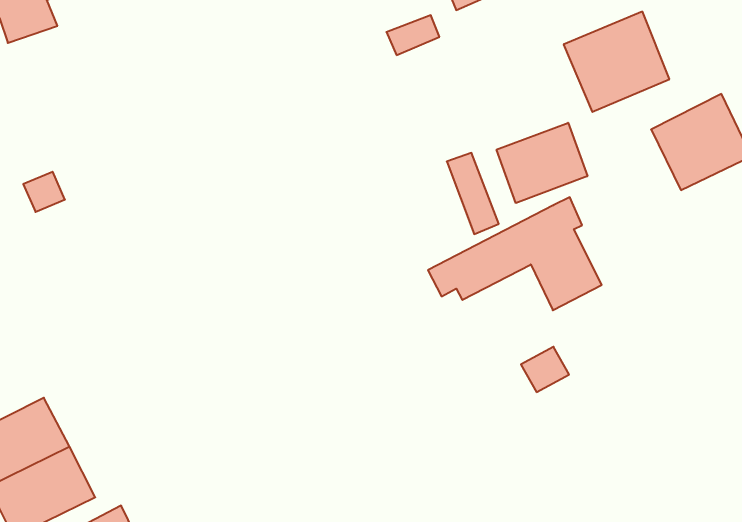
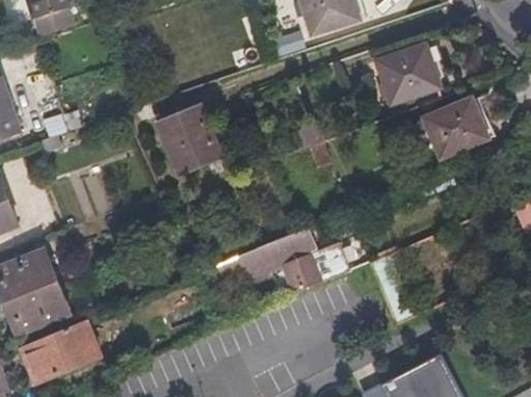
building: [497,123,587,203] -> none
building: none -> [156,112,221,173]
building: [428,197,602,310] -> [218,227,324,295]

